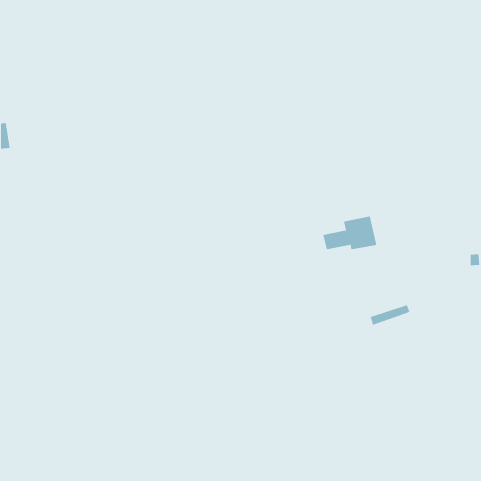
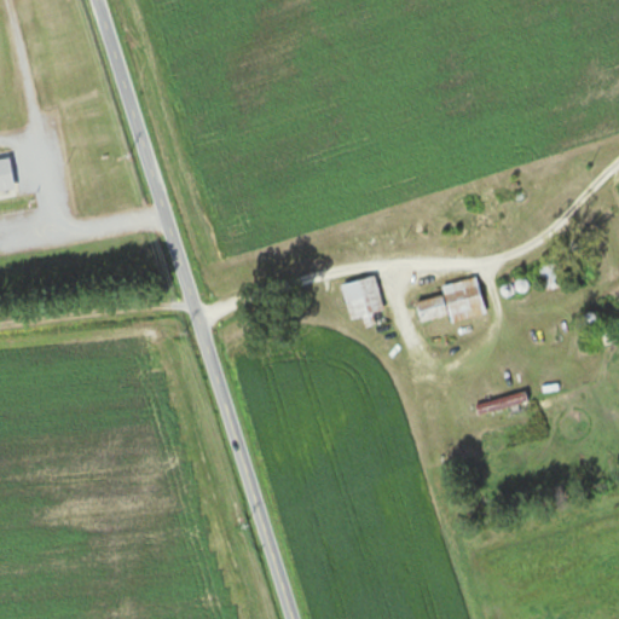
building: none -> [341,274,384,326]

